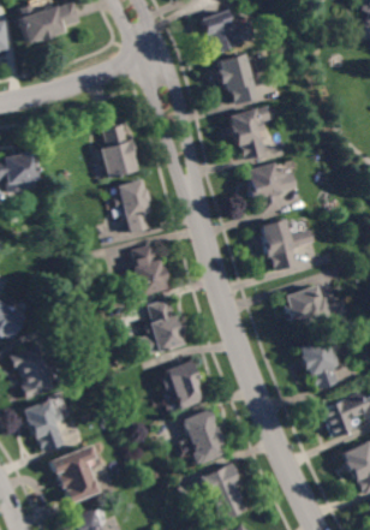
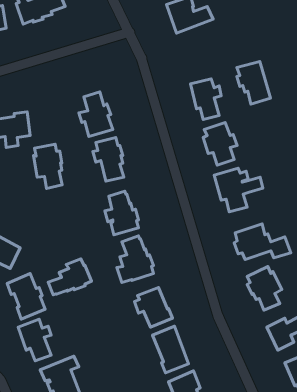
building: [217,54,258,106] -> [237,62,271,104]
building: none -> [34,144,62,188]
building: none -> [48,259,92,295]

